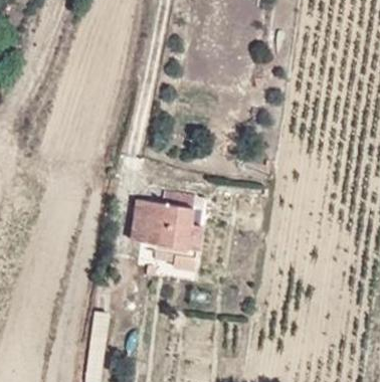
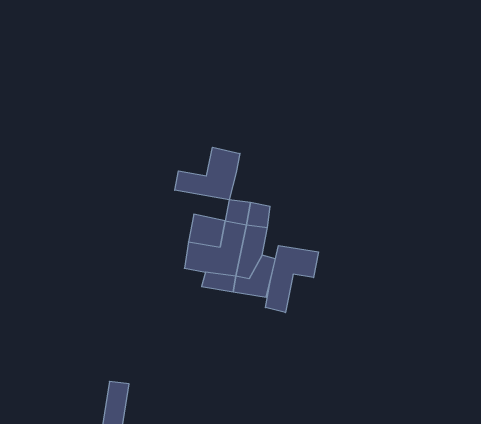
building: none -> [175,147,240,200]
building: none -> [265,246,318,313]

